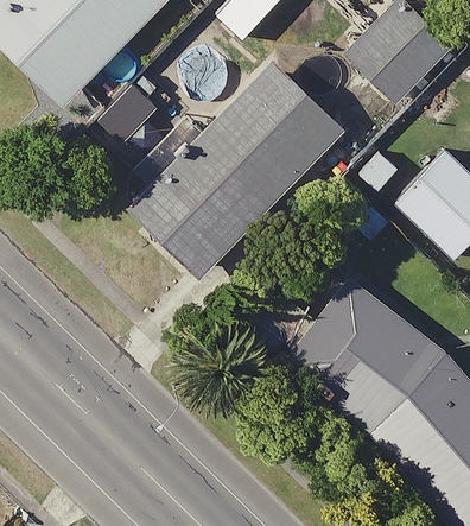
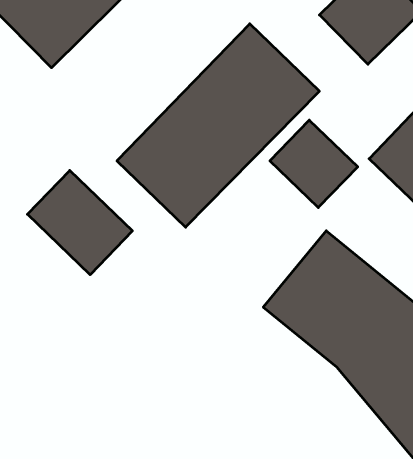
building: none -> [270,120,358,208]
building: none -> [27,170,132,275]

